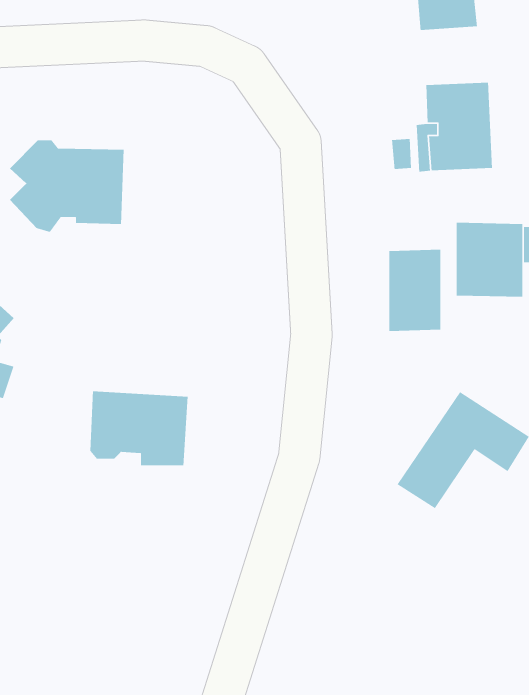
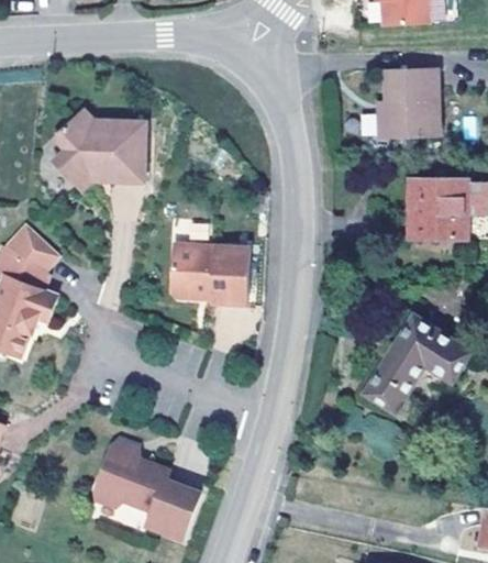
building: [388,249,441,332] -> none
building: [89,391,188,466] -> [170,243,249,303]
building: none -> [98,444,207,541]

